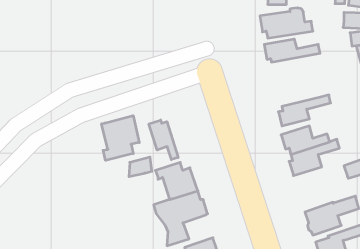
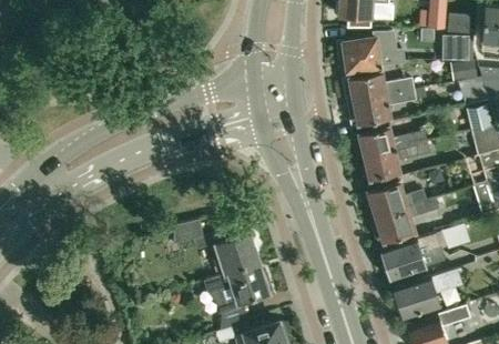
building: none -> [348,89,426,125]
building: none -> [354,128,424,158]
building: [102,116,139,160] -> none
building: [149,120,178,160] -> none
building: none -> [381,234,440,280]

